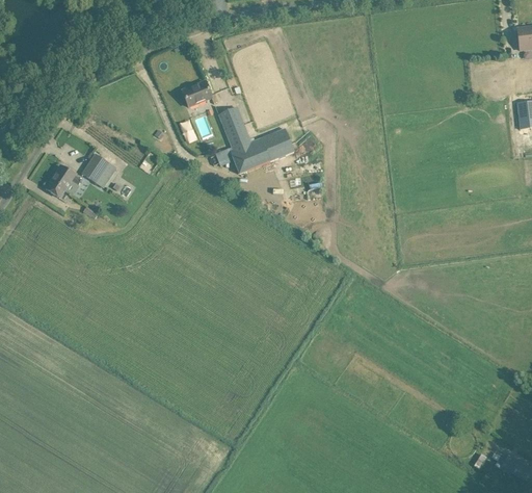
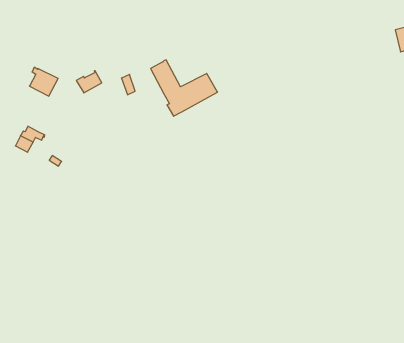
building: [182,80,212,105] -> [76,71,102,93]
building: [82,150,117,186] -> [29,67,58,96]

